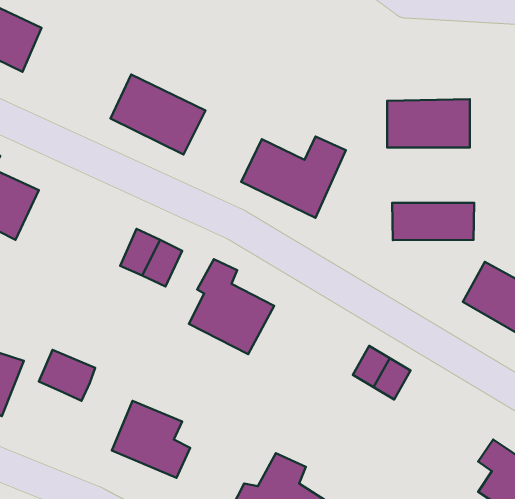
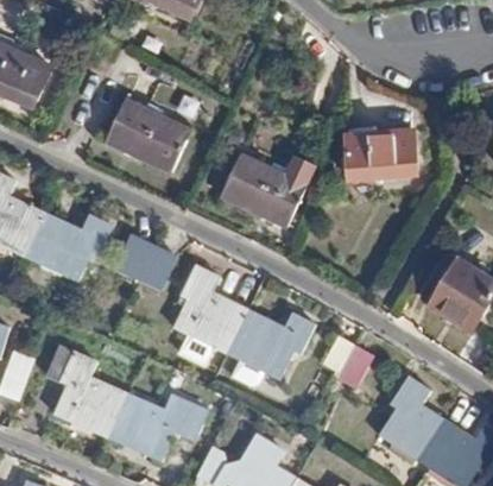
building: none -> [26,207,110,276]
building: [392,203,474,240] -> none
building: none -> [227,307,314,381]
building: none -> [56,373,127,431]
building: none -> [378,387,438,467]
building: none -> [163,395,210,438]

